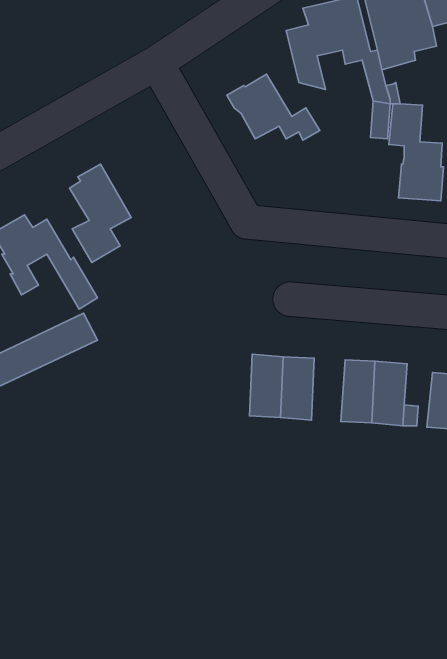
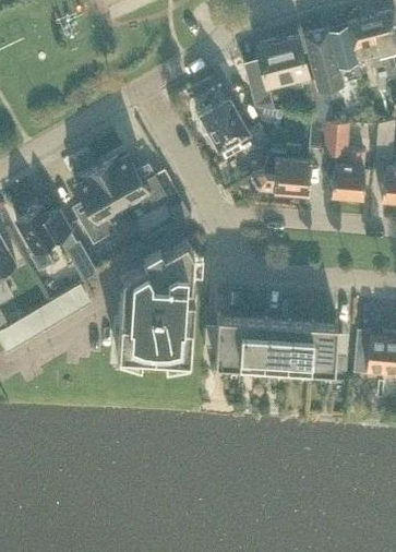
building: none -> [252,143,311,191]
building: none -> [99,156,169,212]
building: none -> [117,242,203,370]
building: none -> [263,317,289,367]

